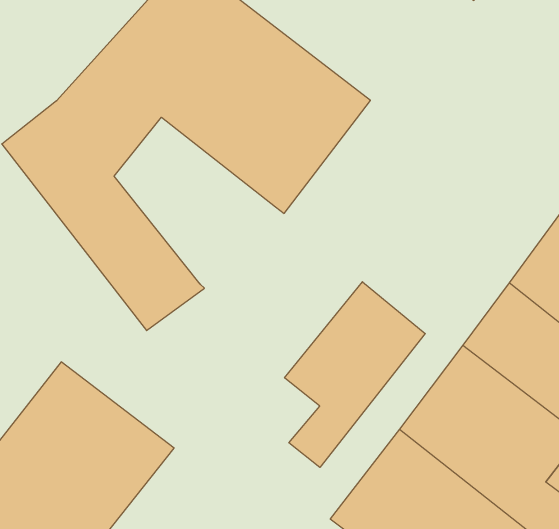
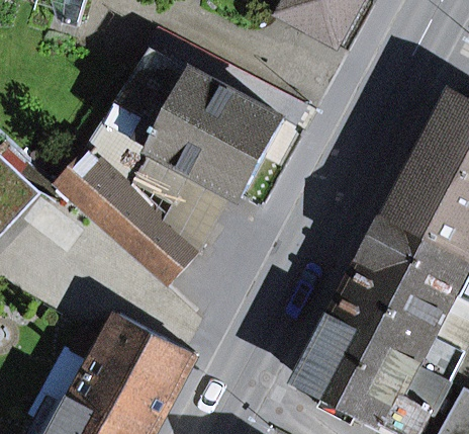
building: none -> [131,150,234,249]
building: [285,282,425,467] -> none

